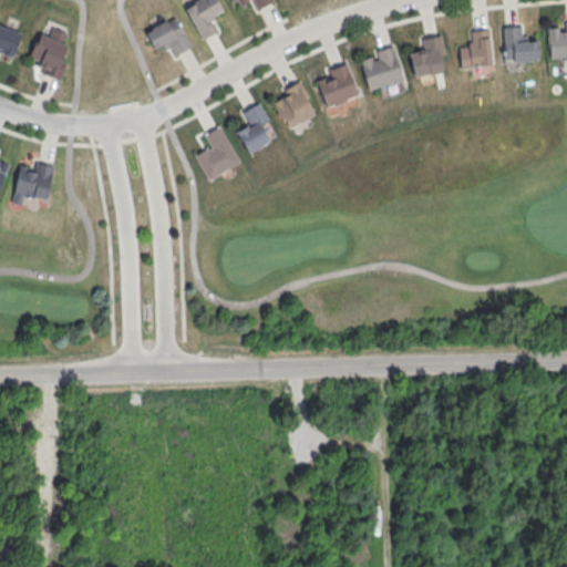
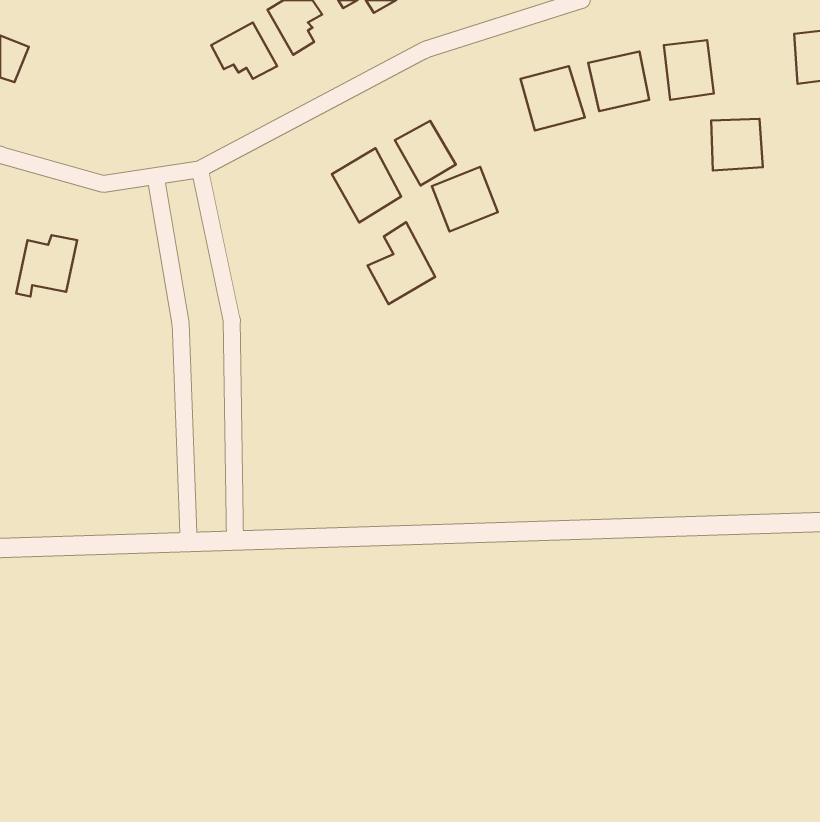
building: [504,27,539,62] -> [711,119,763,170]
building: [28,34,69,78] -> none
building: [313,63,359,107] -> [432,167,498,231]
building: [195,125,241,182] -> [368,222,435,304]

